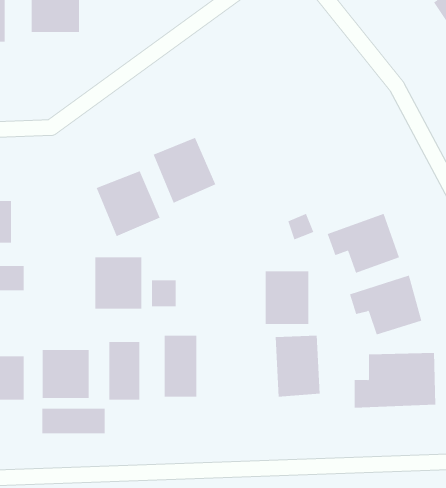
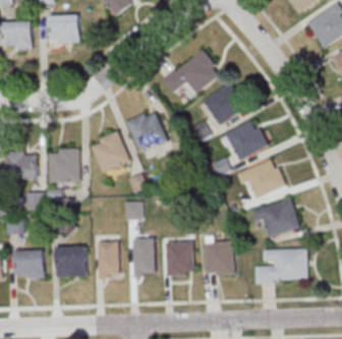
building: none -> [161,49,221,96]
building: none -> [203,83,244,124]
building: none -> [225,118,269,161]
building: [95,257,142,309] -> [49,149,79,182]
building: [265,271,309,325] -> [166,241,194,276]
building: [42,408,105,434] -> none

